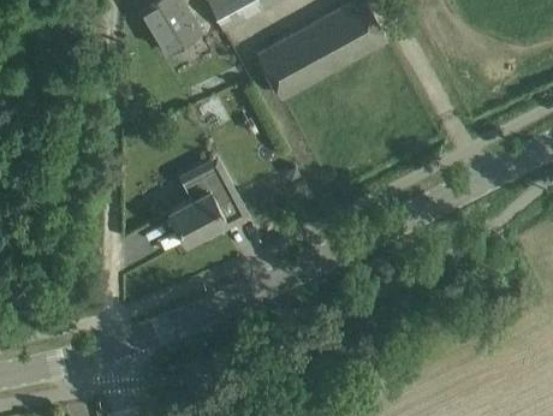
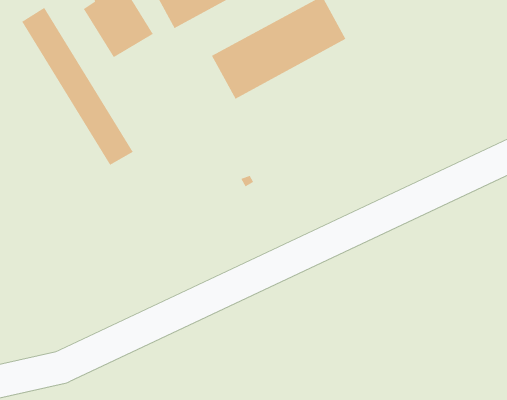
building: none -> [21,7,134,166]
building: [168,166,236,242] -> none

